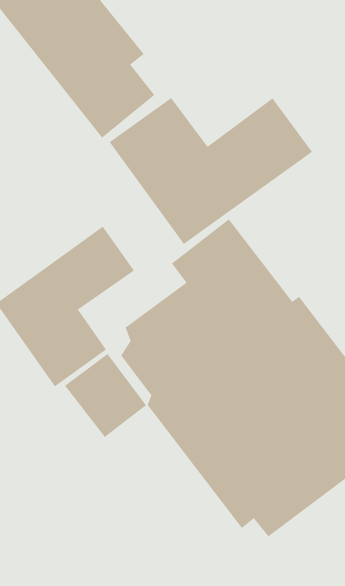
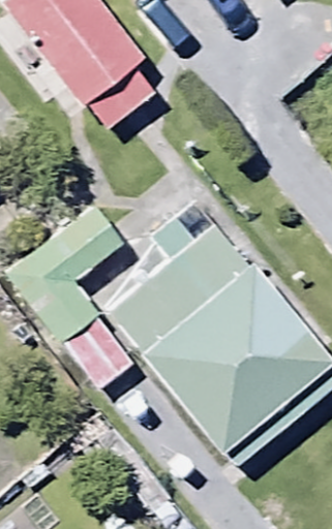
building: [109,97,313,245] -> none

